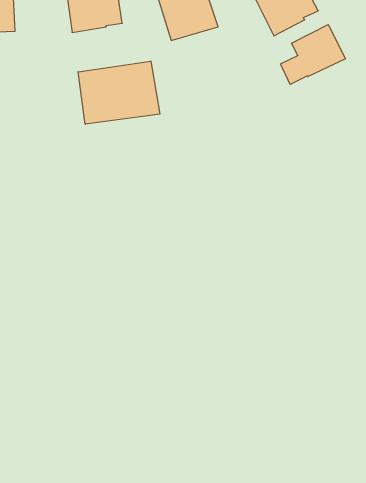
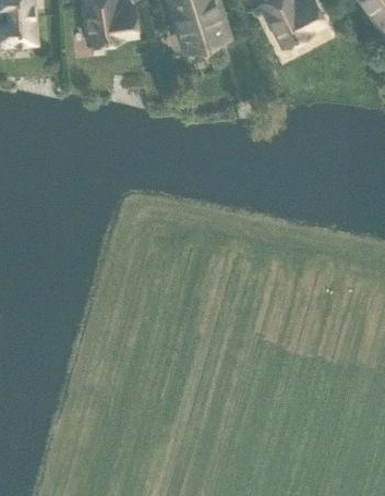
building: [281,25,345,84] -> none
building: [78,61,160,124] -> none

